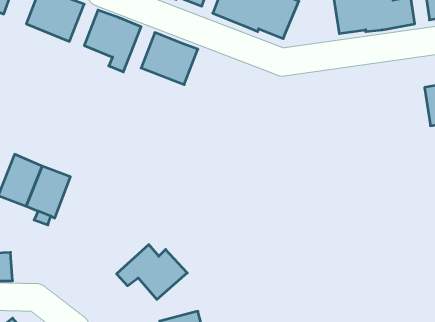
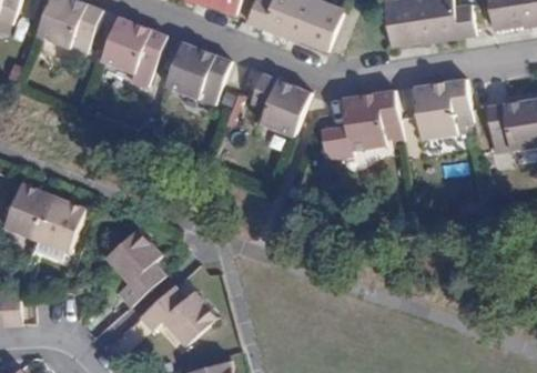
building: none -> [250,75,311,135]
building: none -> [413,78,473,139]
building: none -> [321,90,402,161]
building: none -> [104,229,165,308]

